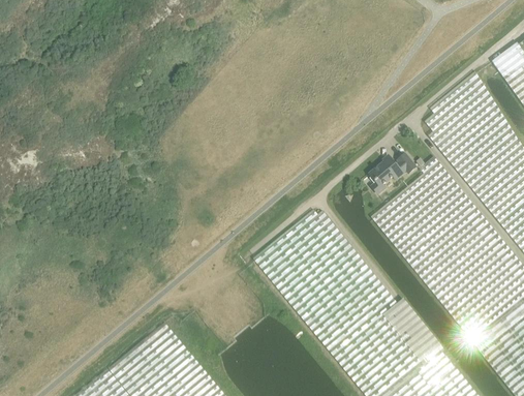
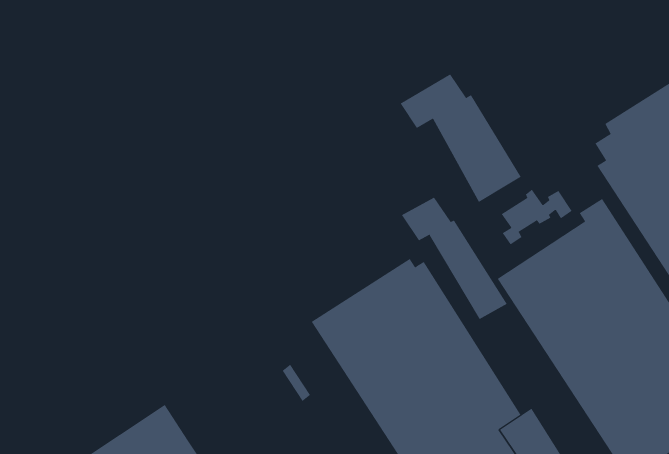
building: none -> [400,74,522,203]
building: none -> [401,197,507,320]

